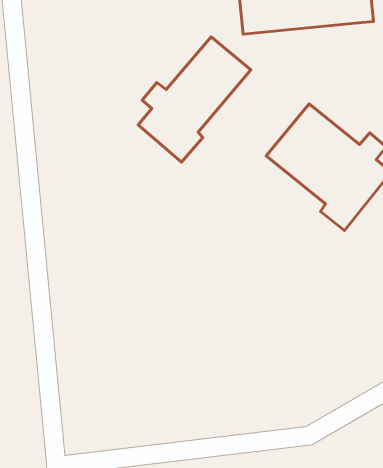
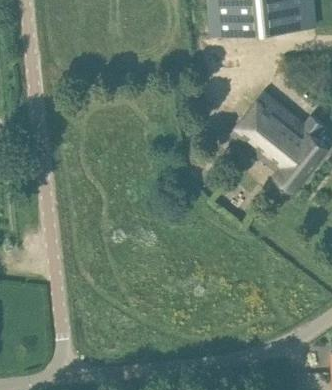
building: [138,37,251,162] -> none

